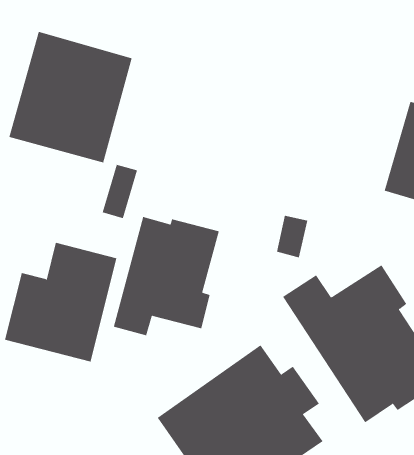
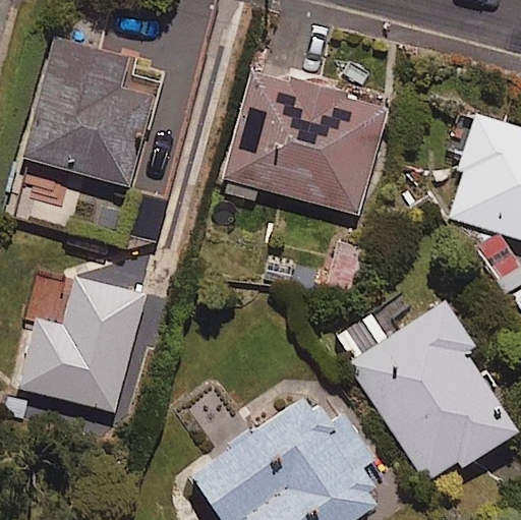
building: none -> [223,71,387,213]
building: [113,216,219,336] -> none

